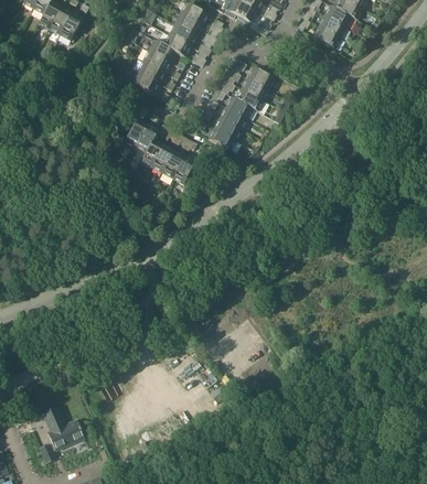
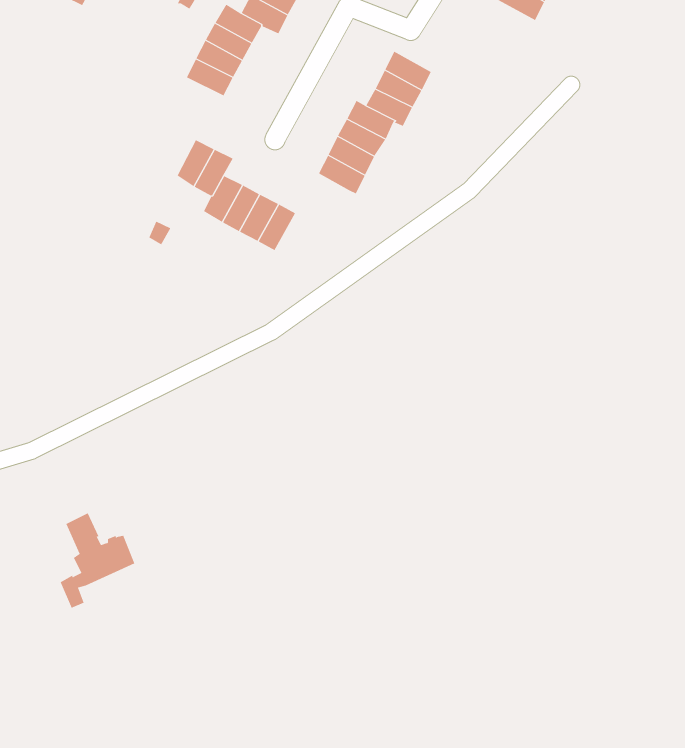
building: [39,406,83,462] -> [60,512,135,609]

